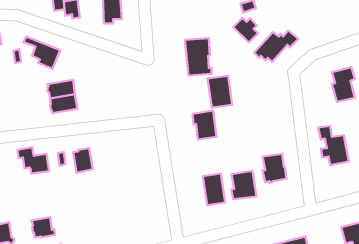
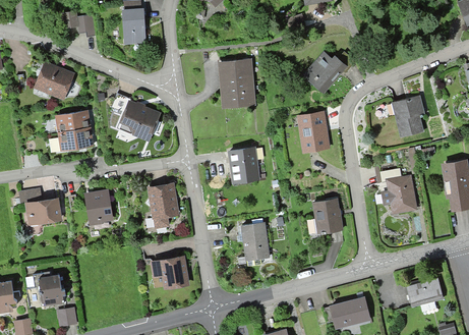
building: [233,18,258,42] -> none
building: none -> [111,94,158,138]
building: [208,76,232,107] -> [299,113,329,151]
building: none -> [145,184,177,228]
building: [231,171,256,199] -> none
building: none -> [162,258,187,287]

